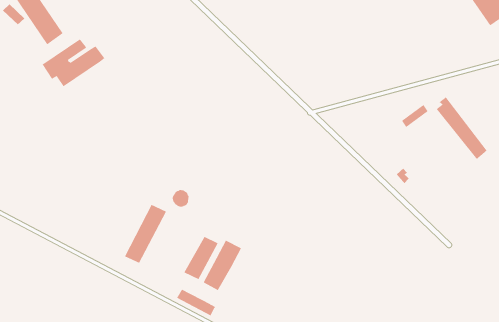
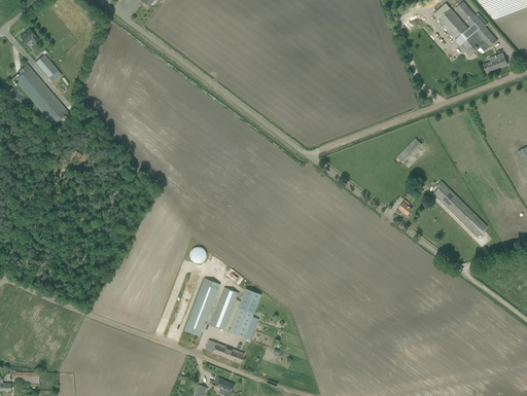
building: [42,38,105,87] -> none
building: [436,96,487,160] -> [433,180,487,237]
building: [124,204,167,264] -> [184,278,219,335]

